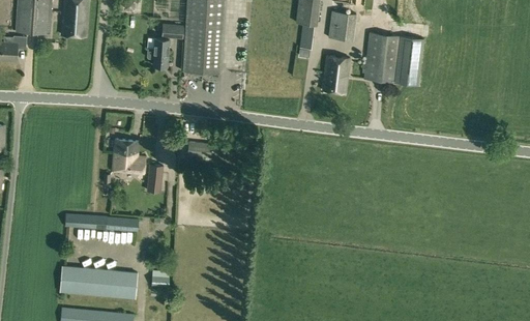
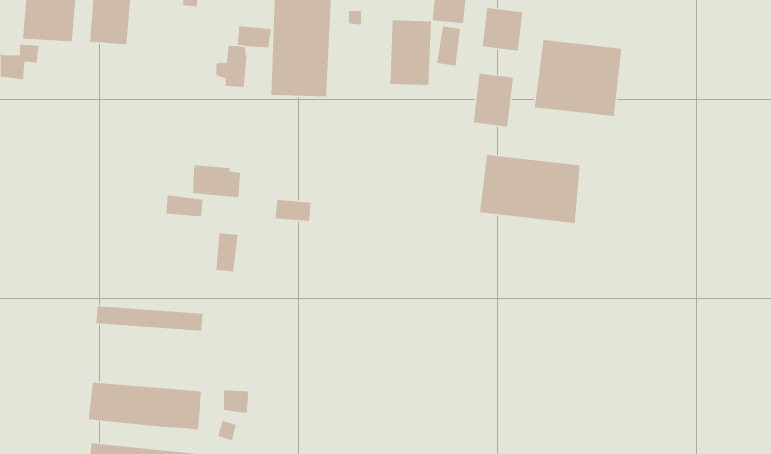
building: none -> [390,19,432,86]
building: none -> [479,154,581,224]
building: [112,152,145,175] -> [192,165,241,198]

